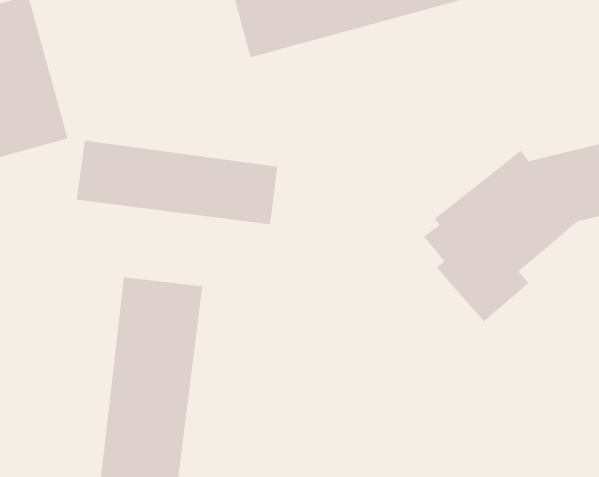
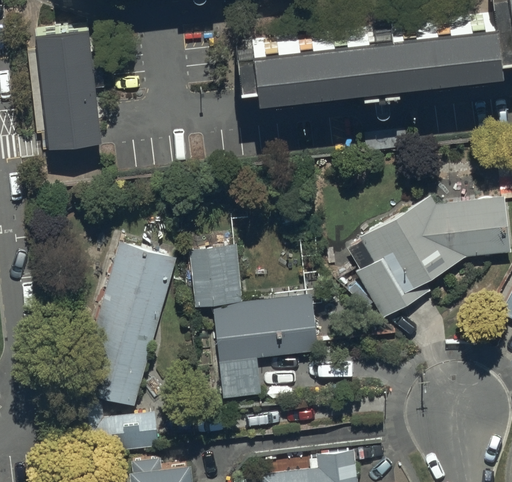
building: [76,140,278,225] -> none
building: none -> [192,251,318,401]

